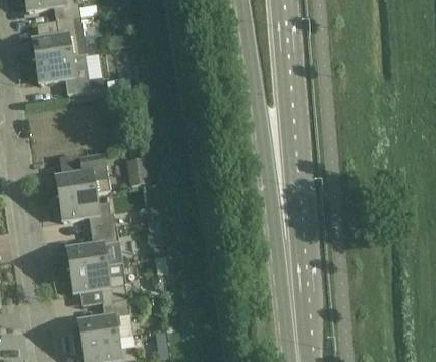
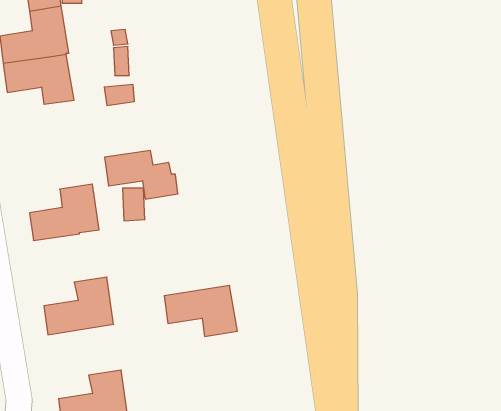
building: [58,192,115,230] -> [105,151,178,199]
building: [69,262,126,302] -> [164,285,237,336]

